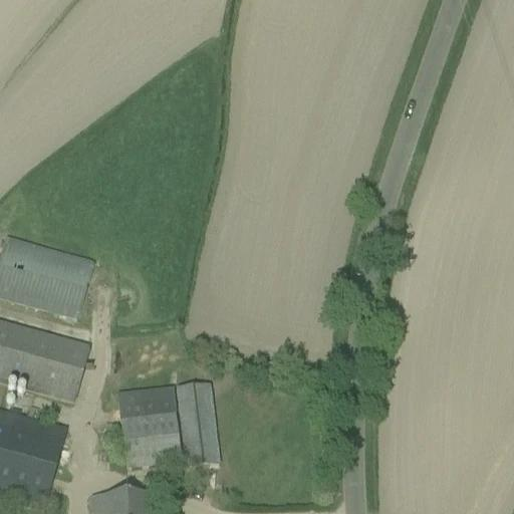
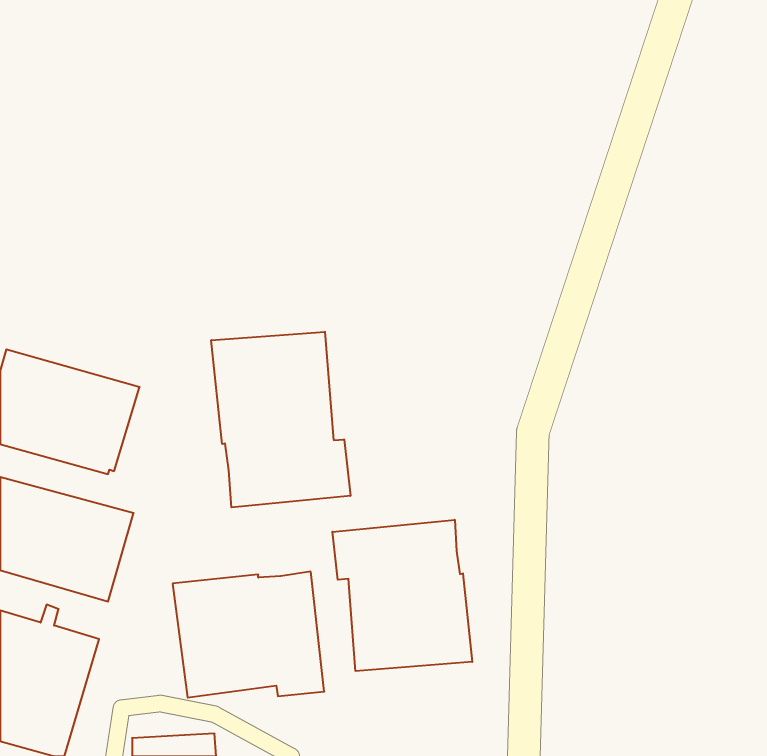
building: none -> [211,332,350,507]
building: none -> [332,520,472,671]

